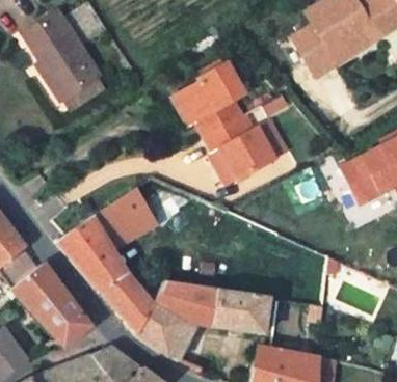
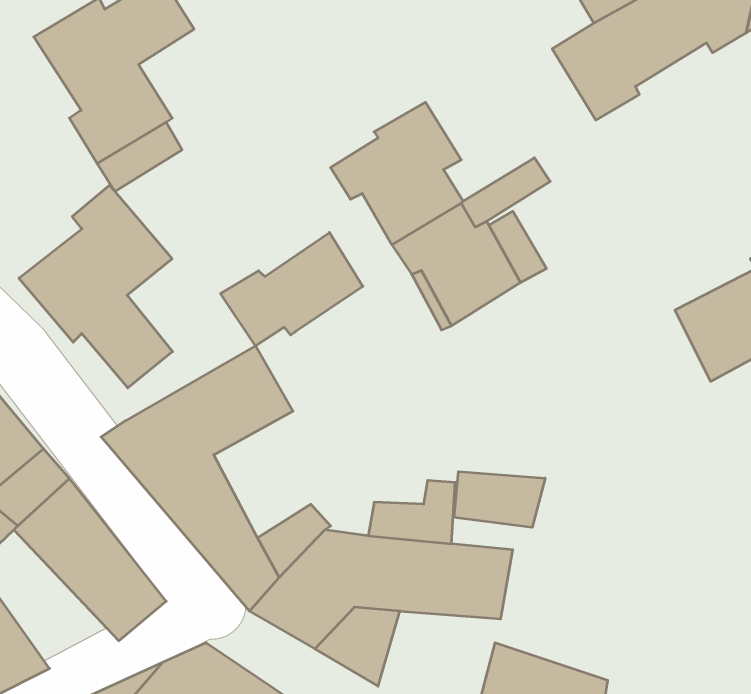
building: none -> [19,185,173,388]
building: none -> [221,232,363,346]
building: none -> [454,472,545,527]

